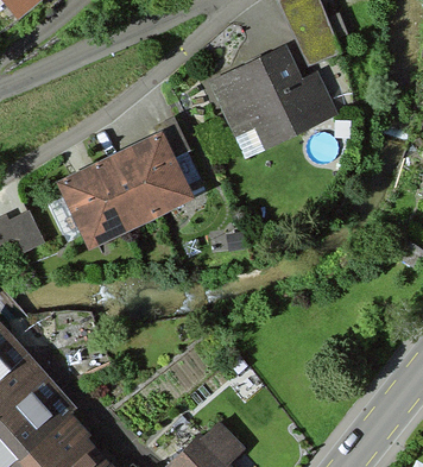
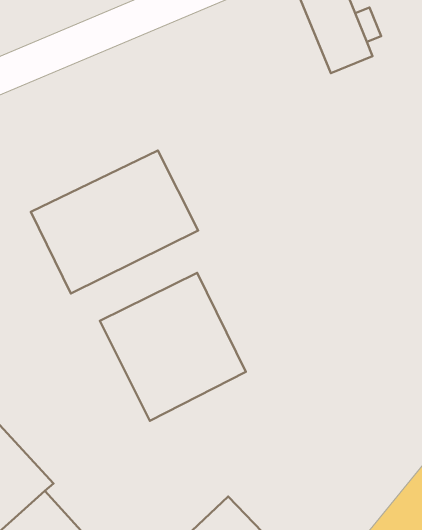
building: [212,51,336,150] -> none
building: none -> [100,273,246,421]

